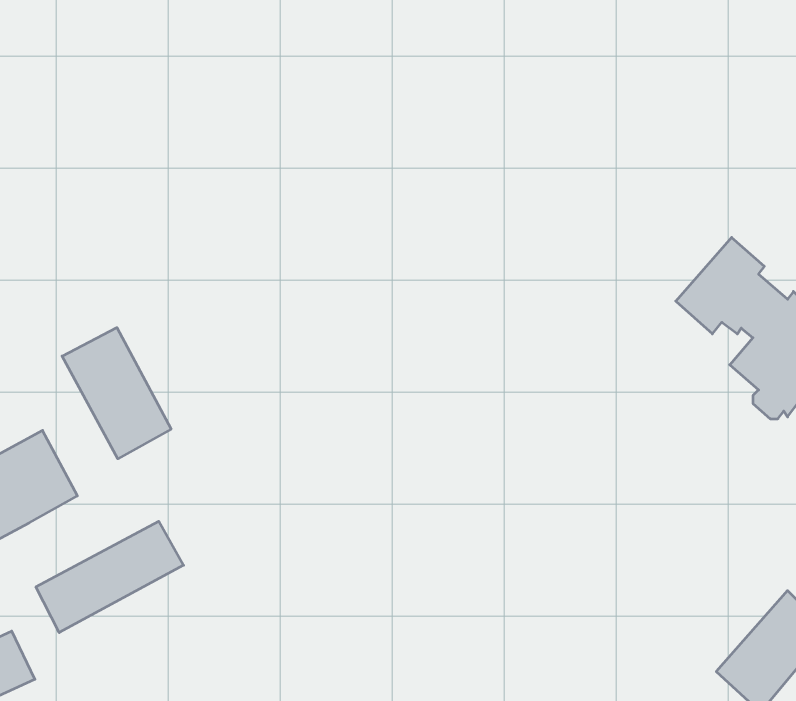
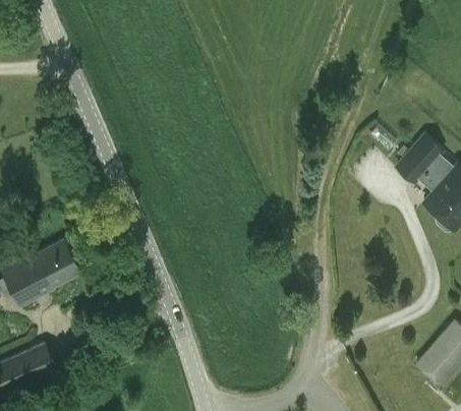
building: [62,328,171,459] -> none
building: [36,521,184,633] -> none

